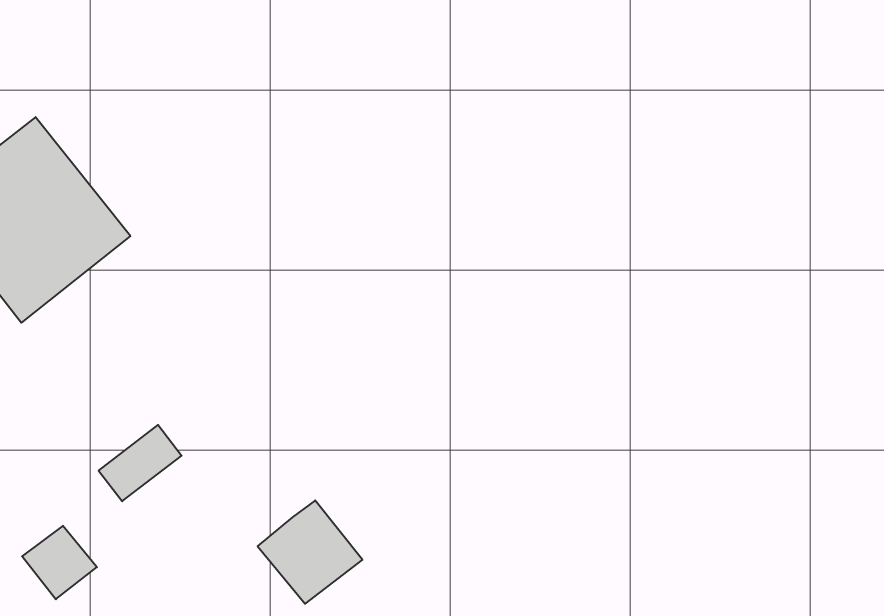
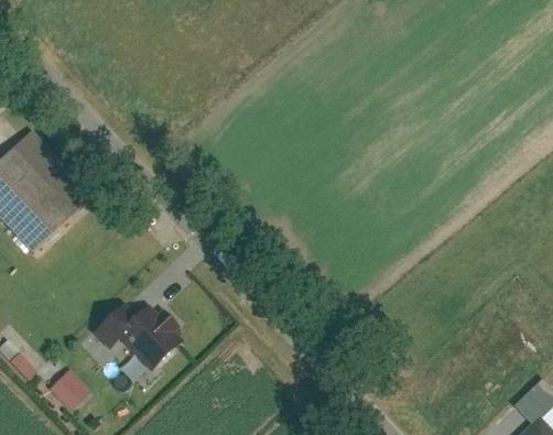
building: [258,500,362,604] -> [119,308,181,369]

